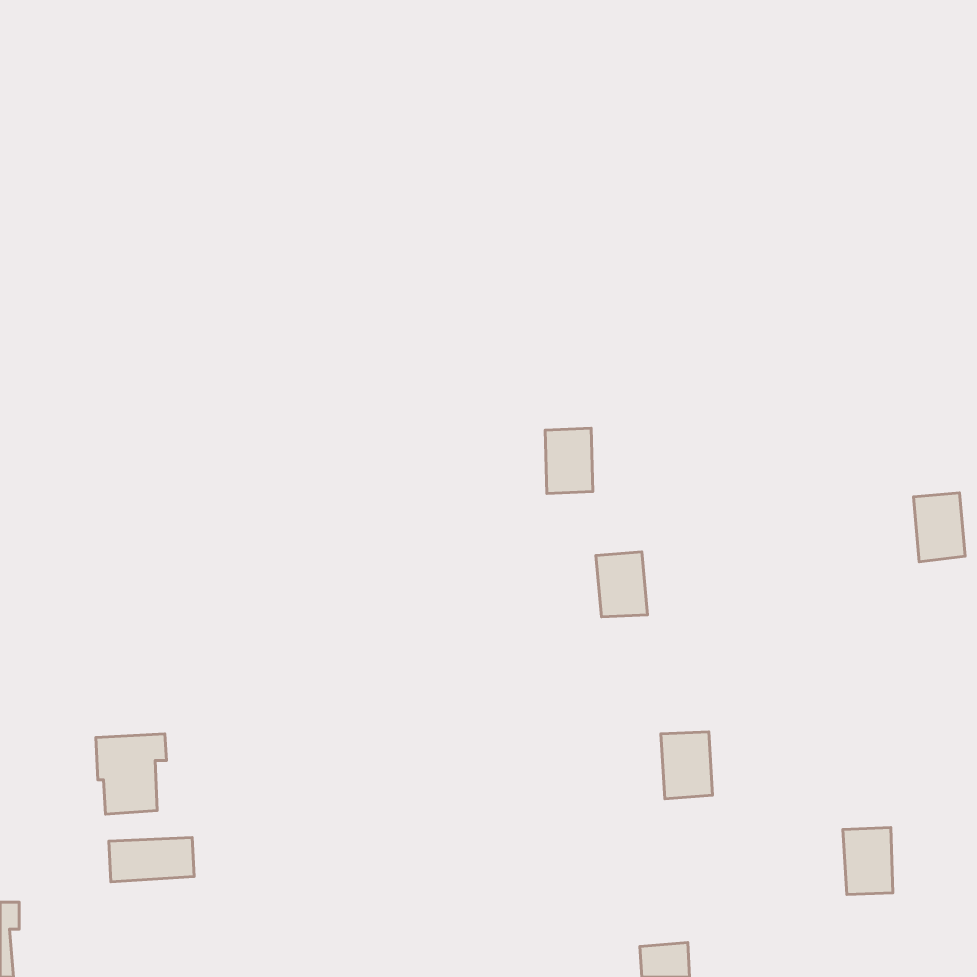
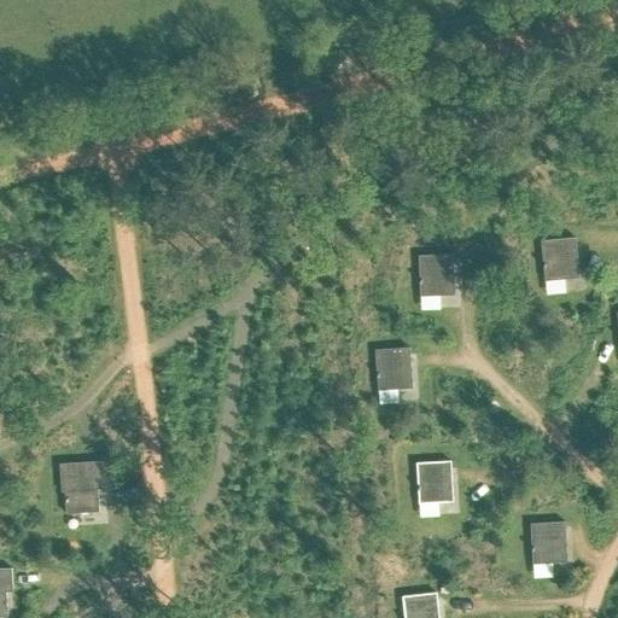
building: [545,428,593,493] -> [421,255,451,296]
building: [914,493,965,562] -> [543,238,576,281]
building: [109,837,194,882] -> none

